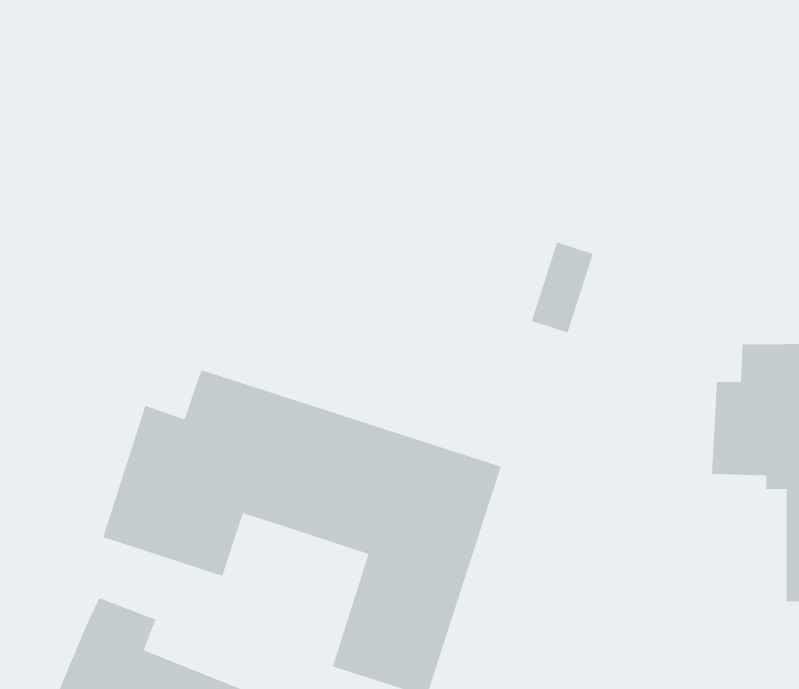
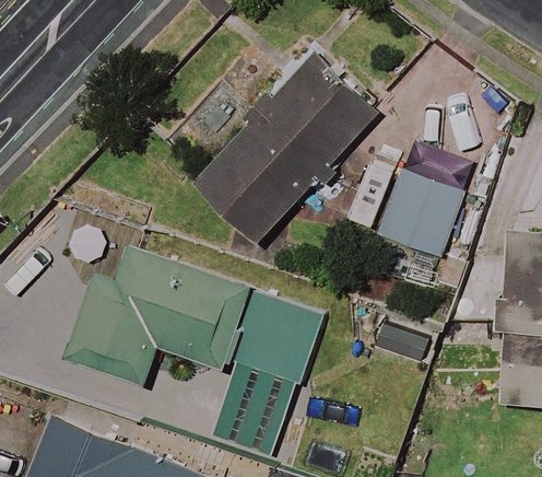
building: none -> [196,51,379,237]
building: none -> [381,173,461,252]

